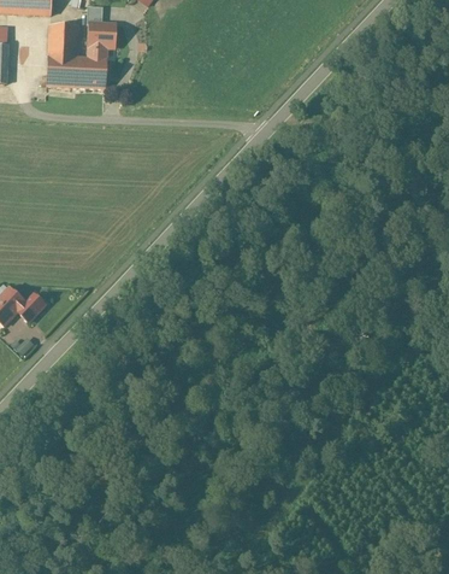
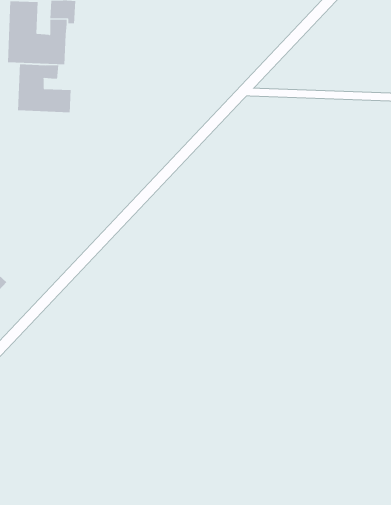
building: none -> [18,64,71,113]

